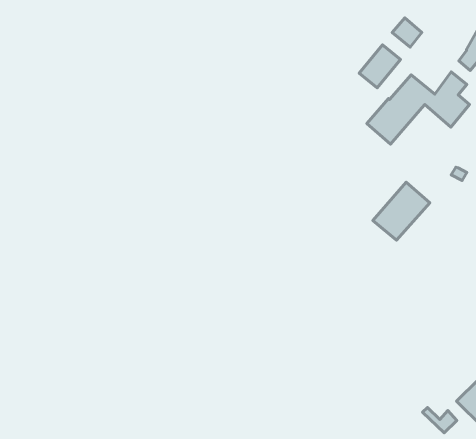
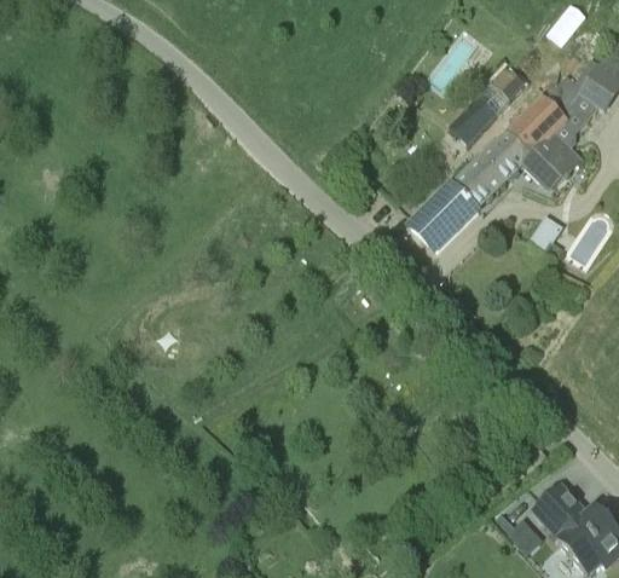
building: none -> [508,96,565,154]
building: [373,182,430,240] -> [412,181,479,247]

